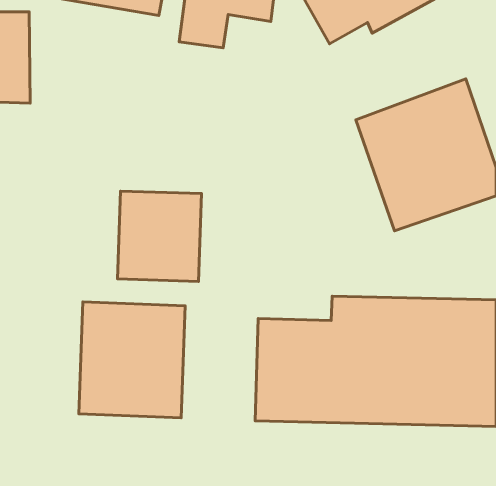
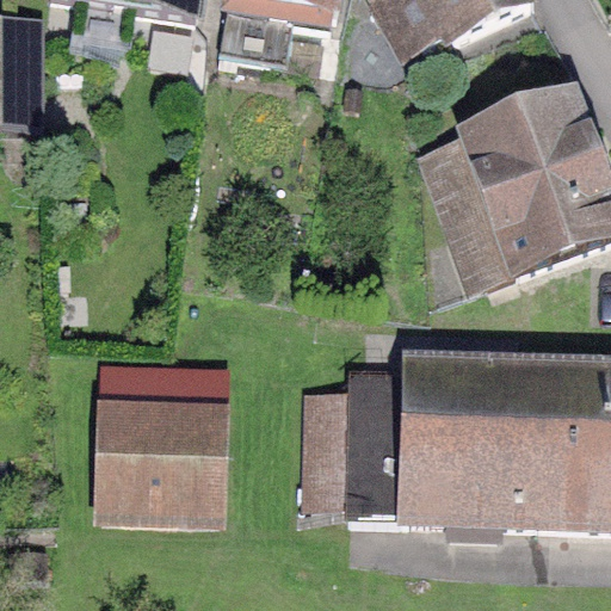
building: [118,191,202,281] -> none

